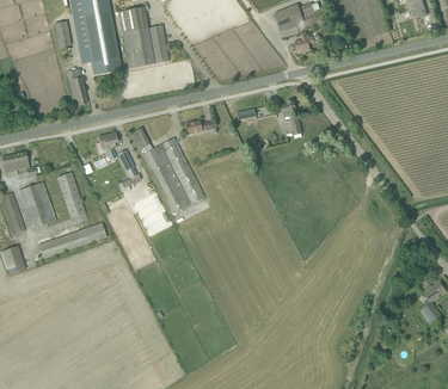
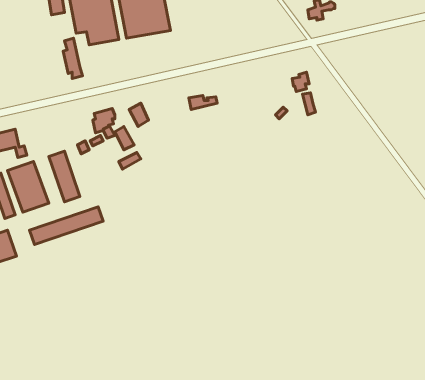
building: [141,137,204,214] -> none

